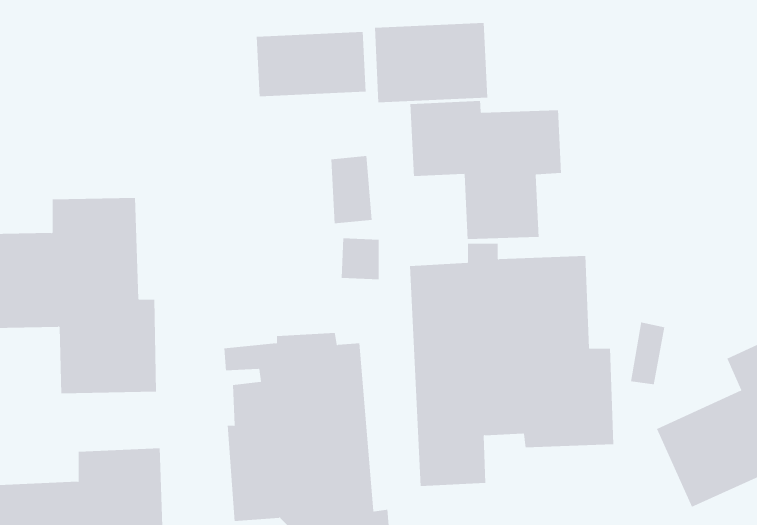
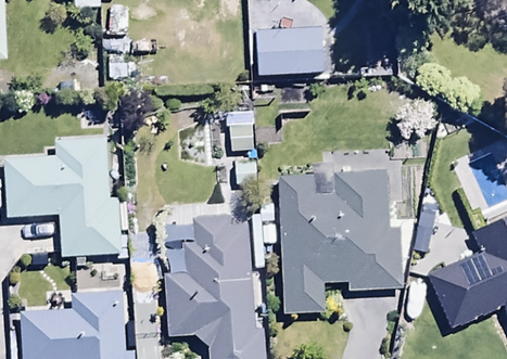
building: [256,31,366,97] -> none
building: [410,100,561,240] -> none

